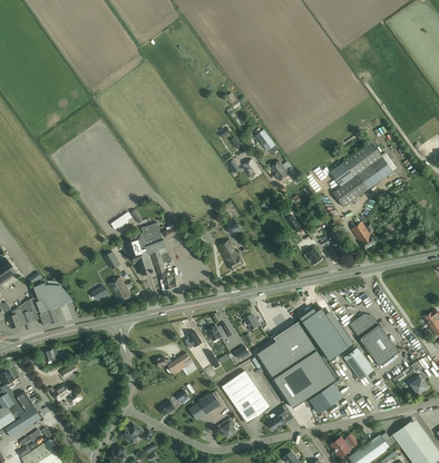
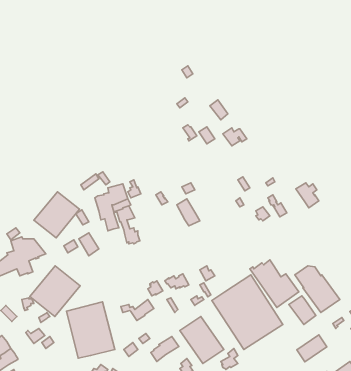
building: [329,142,397,207] -> none
building: none -> [34,192,80,238]
building: none -> [30,266,80,316]
building: none -> [66,302,115,358]
building: [309,383,342,413] -> [297,335,327,362]

